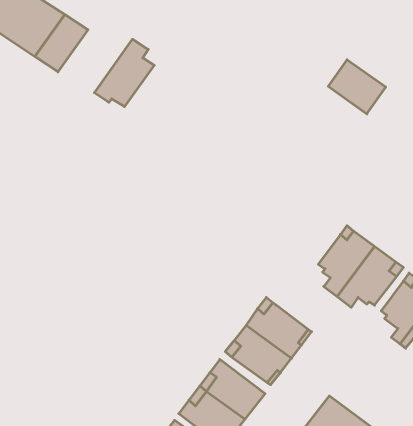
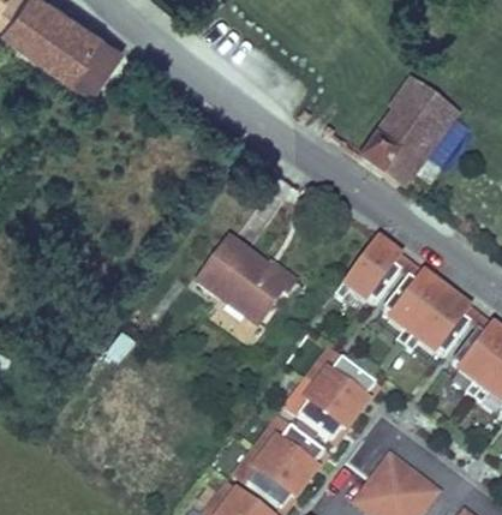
building: [94,39,154,107] -> none
building: none -> [355,113,434,191]
building: none -> [199,239,304,327]
building: none -> [337,240,405,301]

